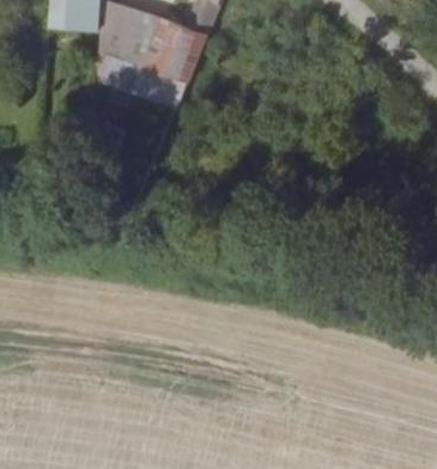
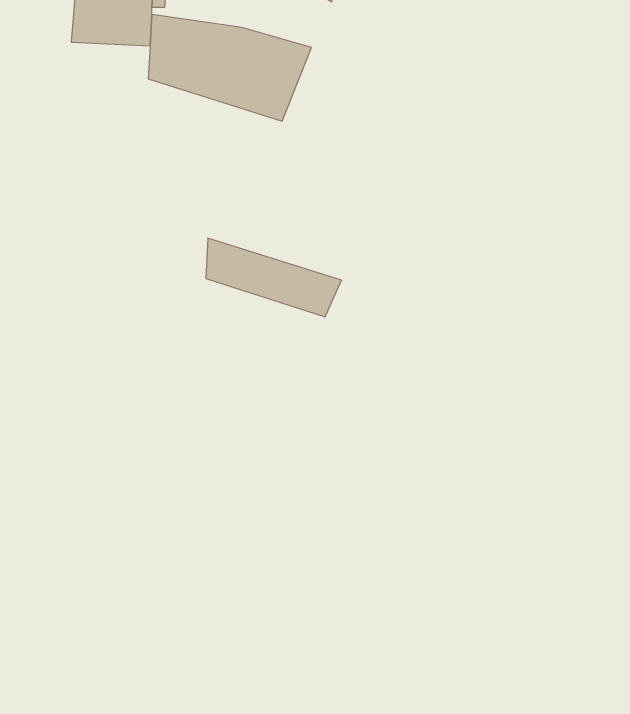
building: [97,54,186,105] -> [206,238,342,317]

